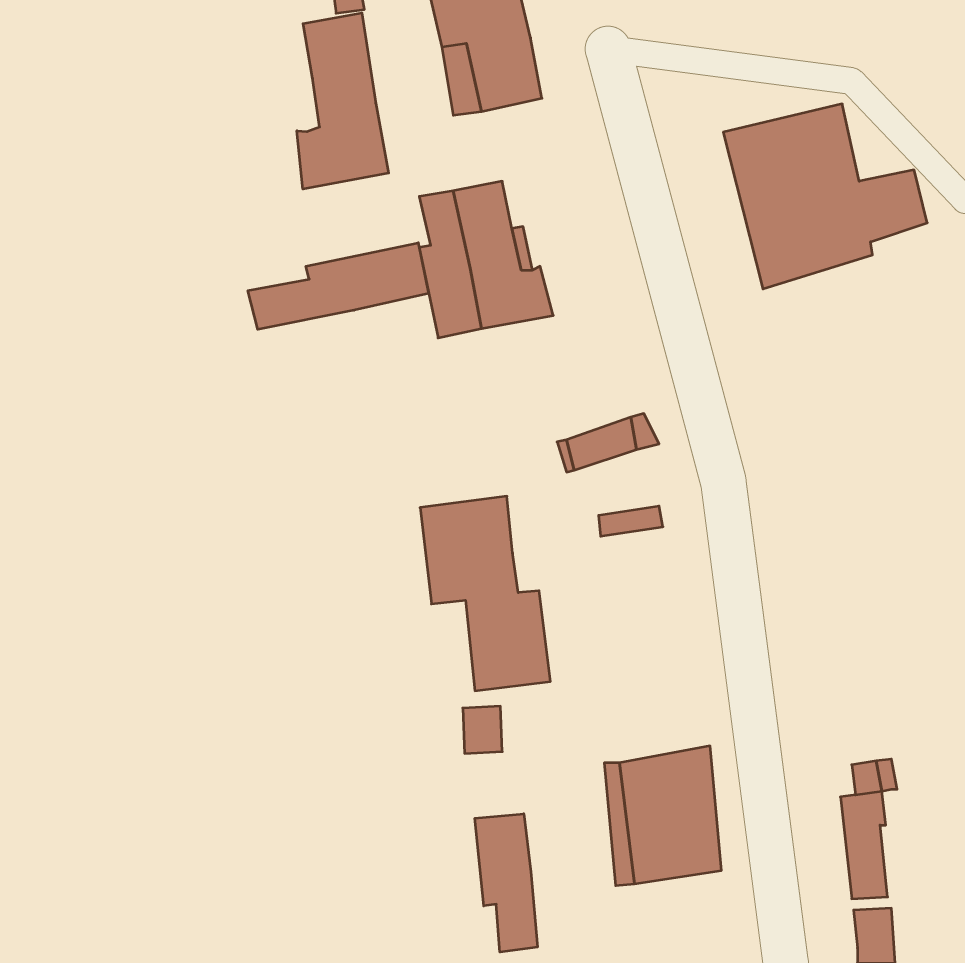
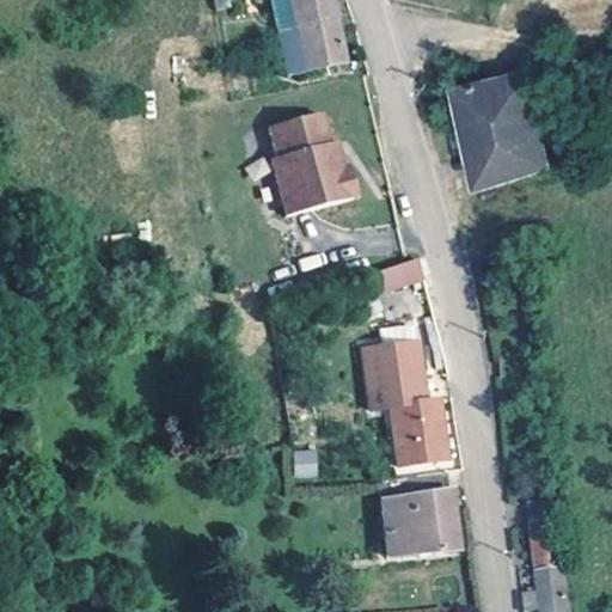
building: [297,13,389,189] -> none
building: [248,243,428,329] -> none
building: [420,496,550,691] -> [363,343,446,466]
building: [475,814,537,952] -> none

